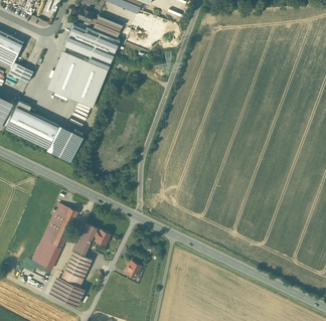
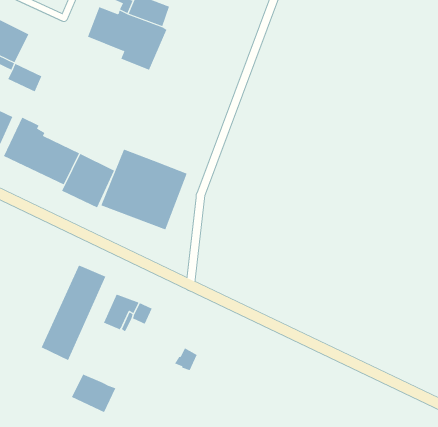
building: [47,51,108,108] -> [100,149,187,230]
building: [61,251,88,285] -> none

